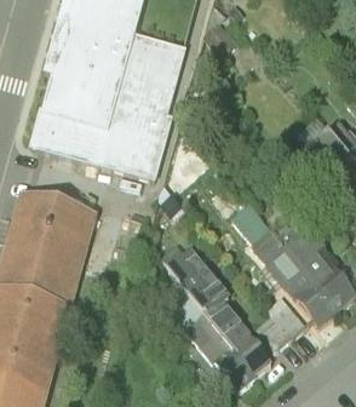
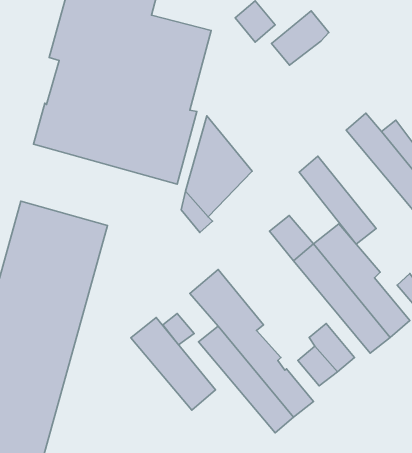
building: none -> [272,11,329,65]
building: none -> [299,156,376,244]
building: none -> [131,317,215,410]

